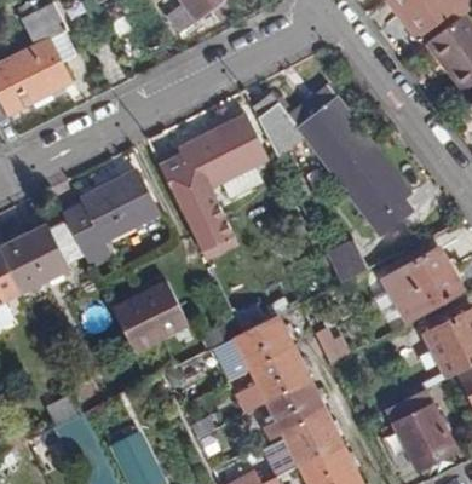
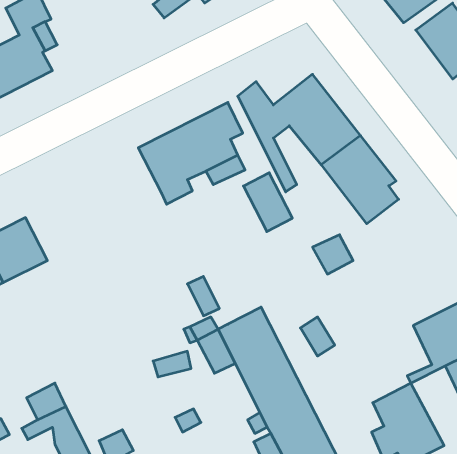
building: [68,169,154,260] -> none
building: [183,200,231,258] -> [243,173,292,232]
building: [382,247,462,319] -> none
building: [113,282,189,352] -> none

